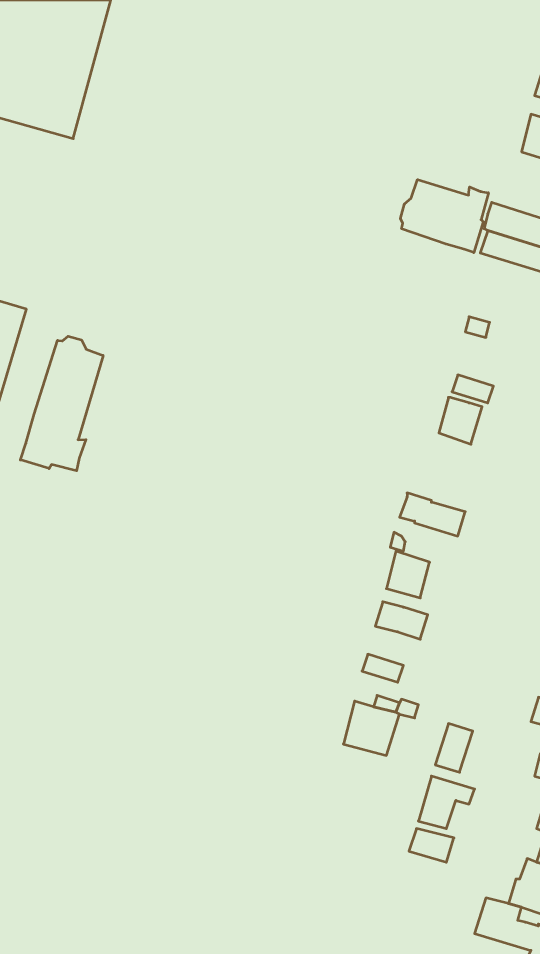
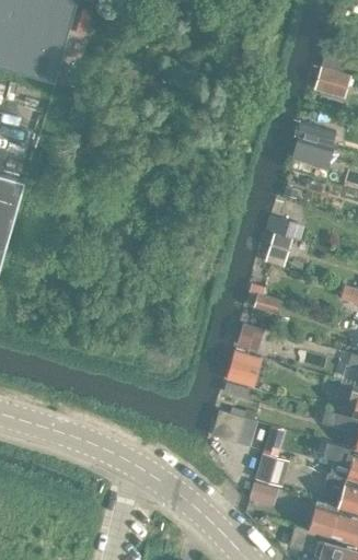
building: [400,180,488,253] -> none
building: [20,336,103,471] -> none

